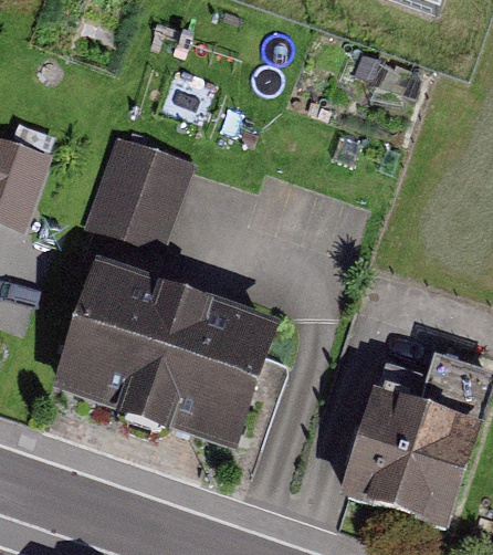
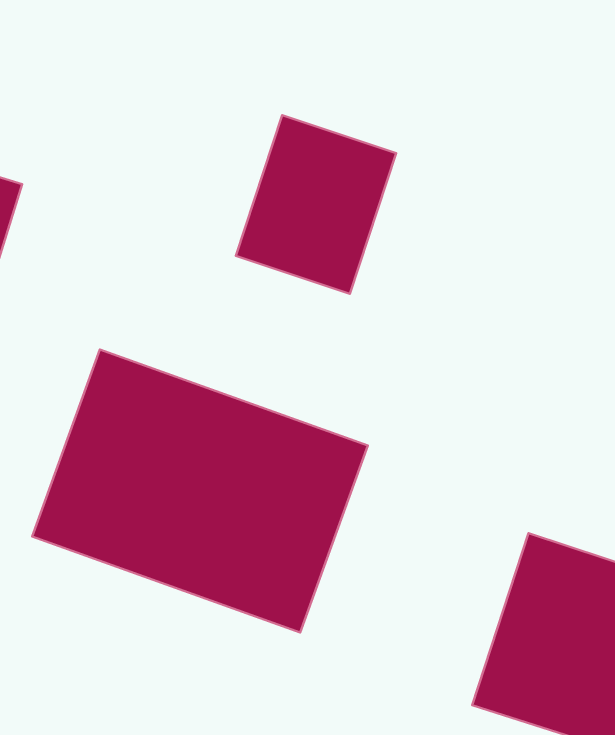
building: [85,134,192,253] -> [236,115,396,294]

